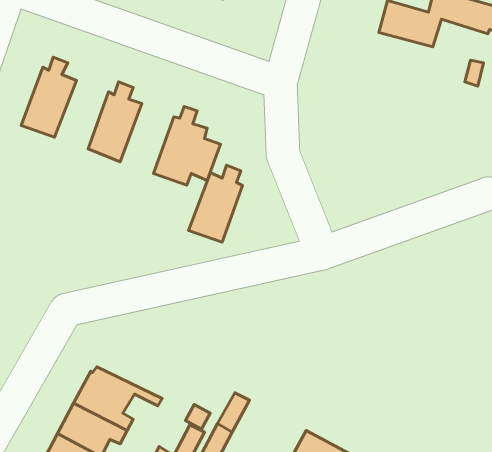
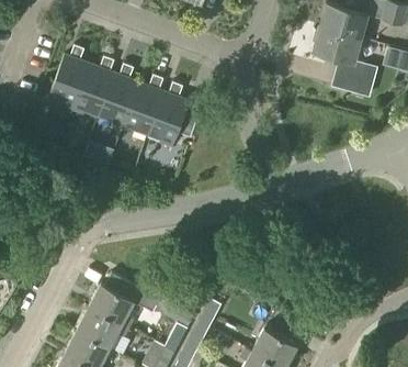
building: none -> [313,26,375,97]
building: none -> [75,57,115,114]
building: [189,165,242,242] -> [124,75,165,133]

